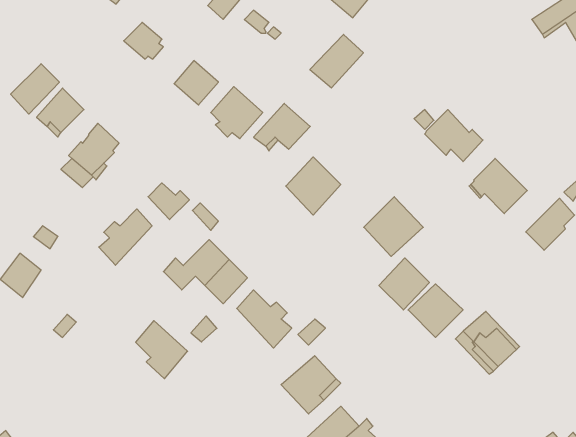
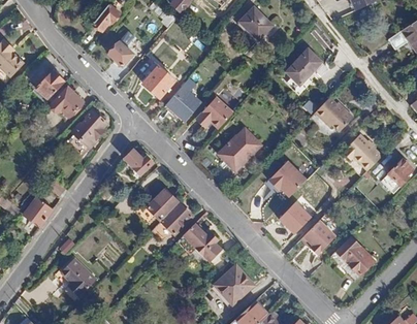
building: [310,34,363,88] -> [282,53,318,89]
building: [99,209,152,265] -> none
building: [136,321,188,379] -> [61,257,96,296]

